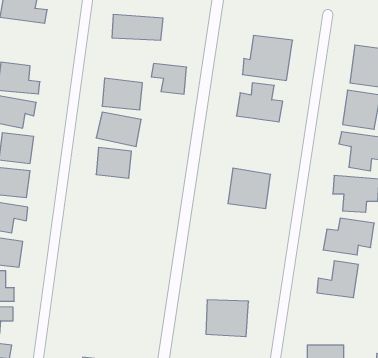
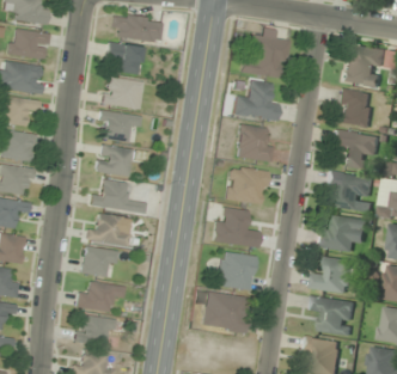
building: none -> [10,31,48,57]
building: [151,64,187,94] -> [106,44,141,74]
building: none -> [237,125,273,163]
building: none -> [90,180,146,214]
building: none -> [214,208,259,249]
building: none -> [90,214,130,246]
building: none -> [80,246,117,278]
building: none -> [220,253,255,289]
building: none -> [77,282,124,312]
building: none -> [310,296,354,333]
building: none -> [75,315,114,347]

